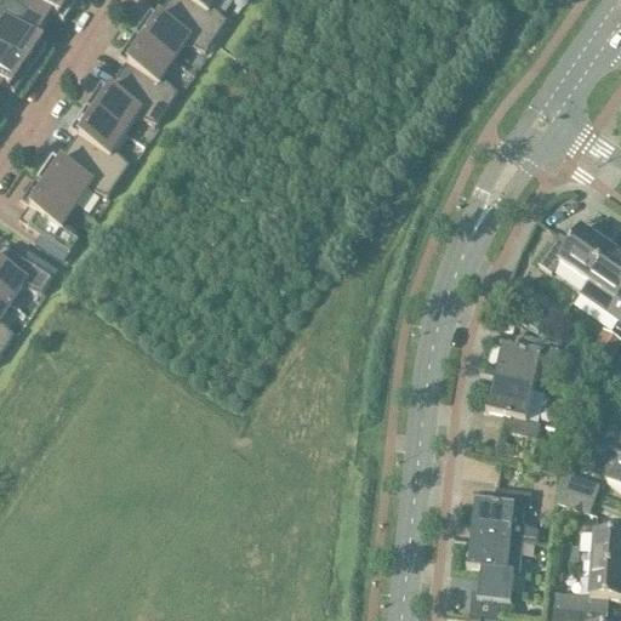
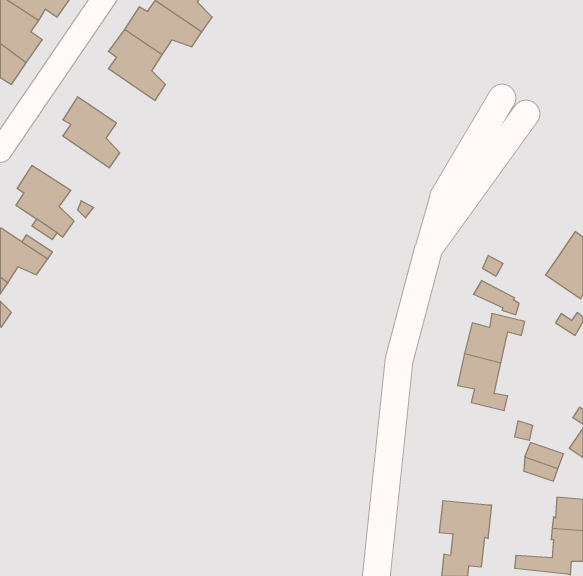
building: [82,73,165,131] -> none
building: [34,144,116,203] -> none
building: [537,222,611,280] -> none
building: [471,486,537,539] -> none

